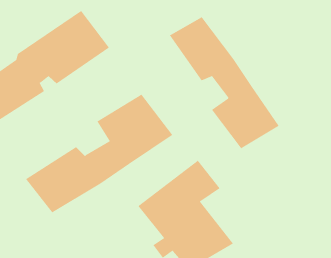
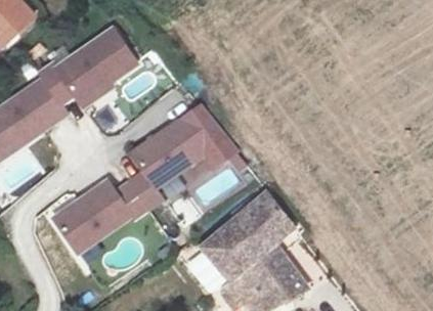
building: [169,16,280,149] -> none

